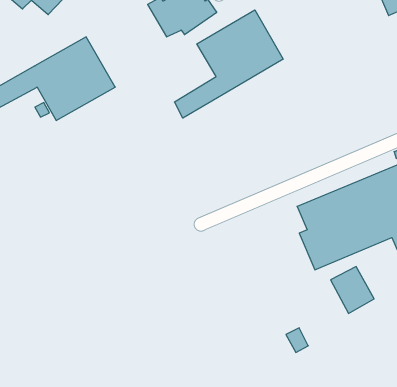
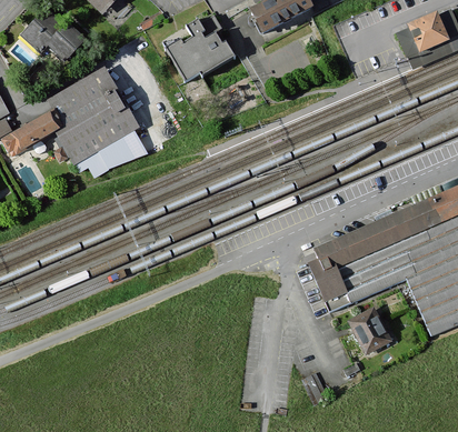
building: [174,10,283,118] -> none
building: none -> [74,130,146,174]

